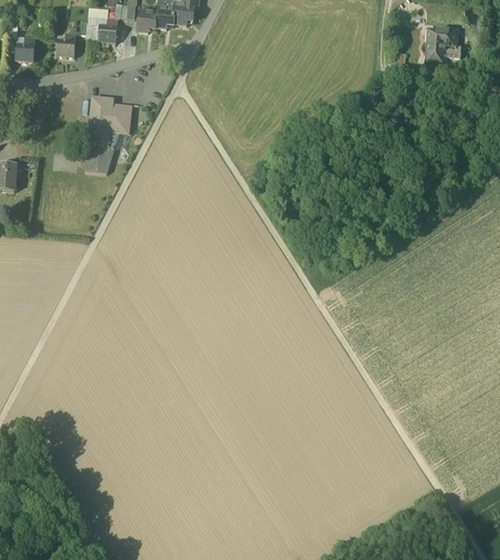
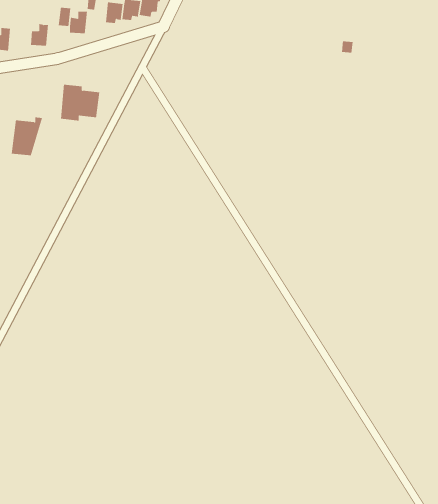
building: [426,28,461,63] -> none
building: [84,130,118,172] -> [11,117,43,156]

